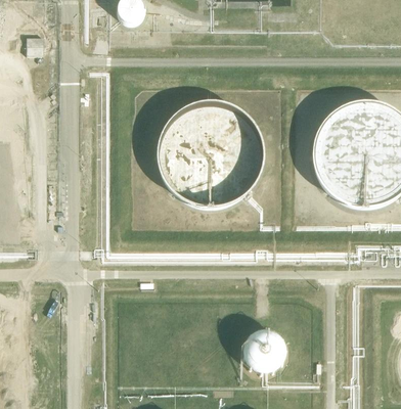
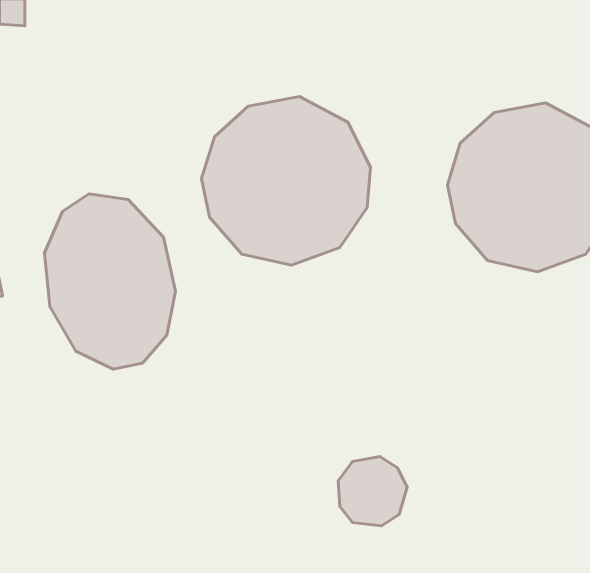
building: none -> [45,194,175,369]

